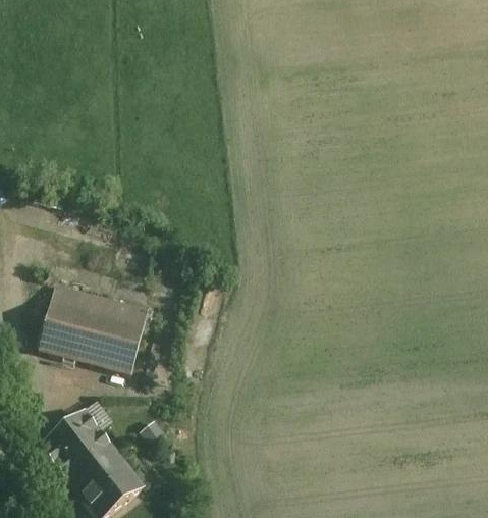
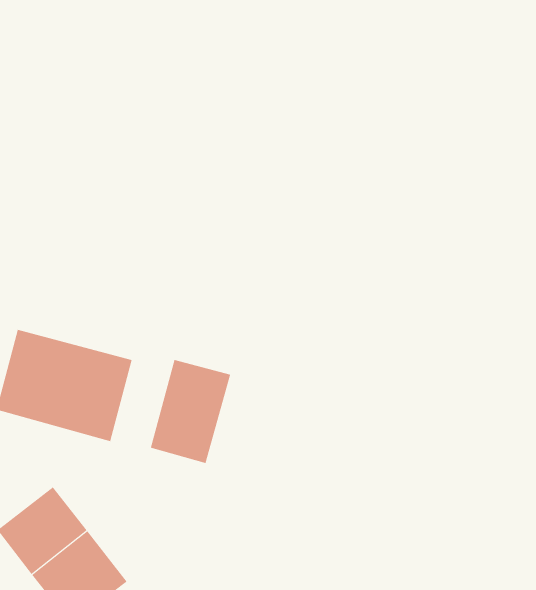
building: none -> [150,359,231,464]

